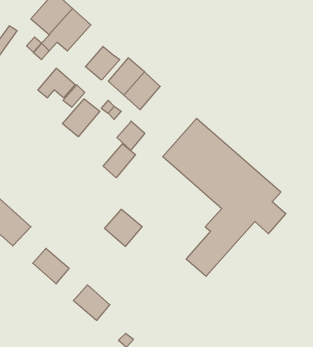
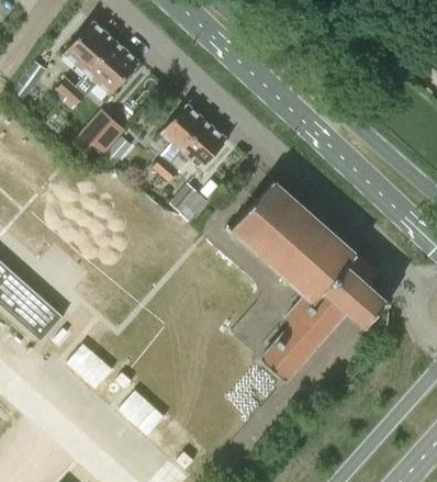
building: [85,46,120,80] -> none
building: [62,99,100,137] -> none
building: [103,144,136,178] -> none
building: [105,209,142,246] -> none

